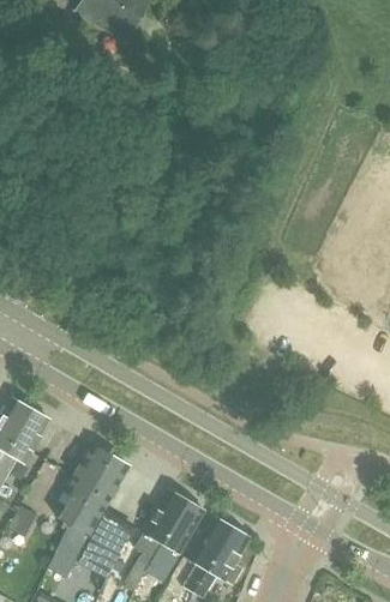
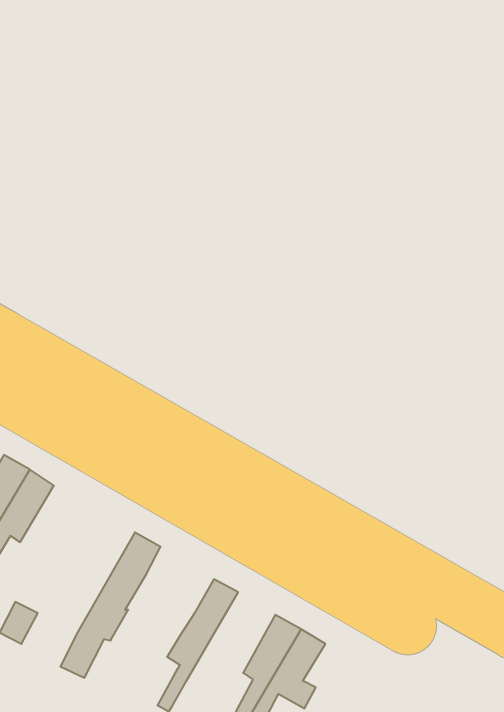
building: [58,444,108,530] -> none
building: [146,499,203,571] -> none
building: [82,513,132,571] -> none

